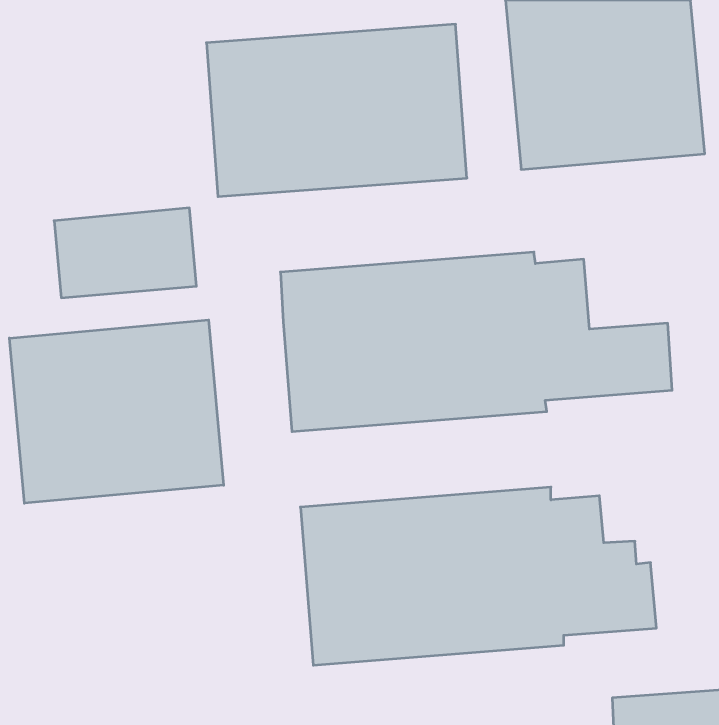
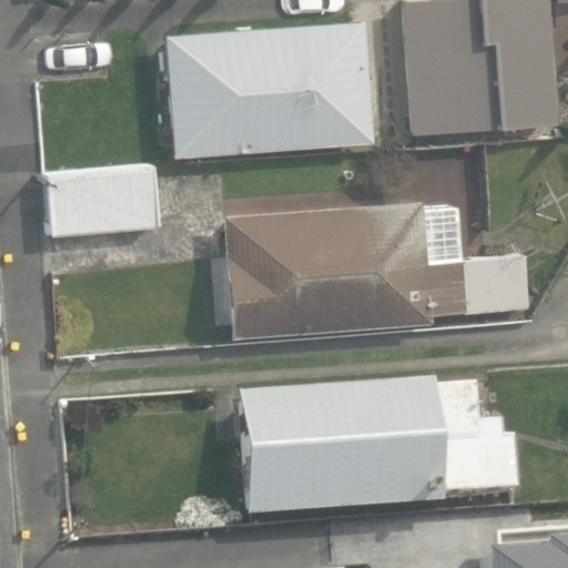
building: [9,320,224,503] -> none

